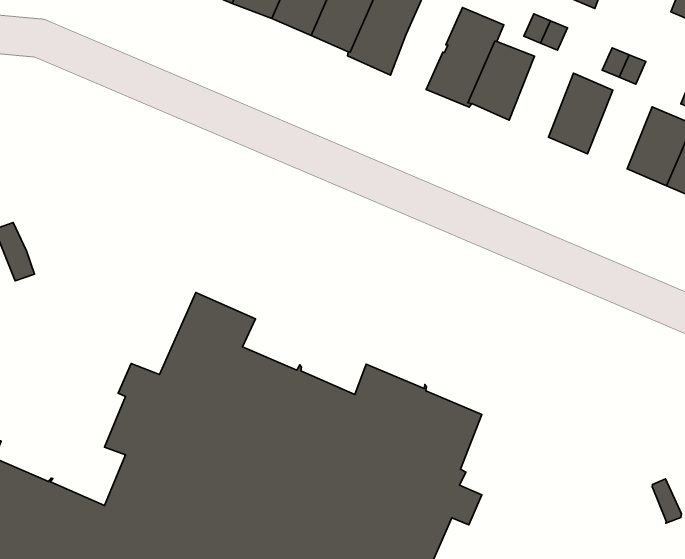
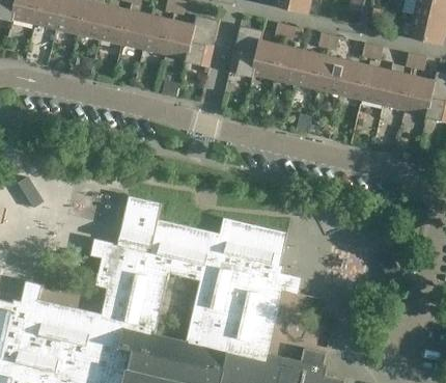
building: none -> [275,44,304,84]
building: none -> [318,54,347,93]

